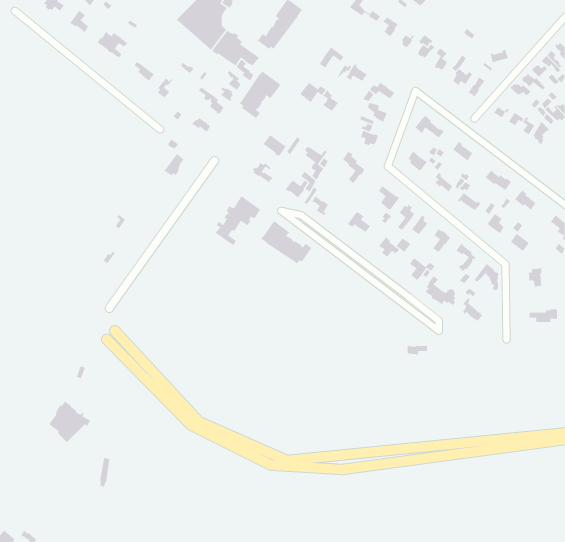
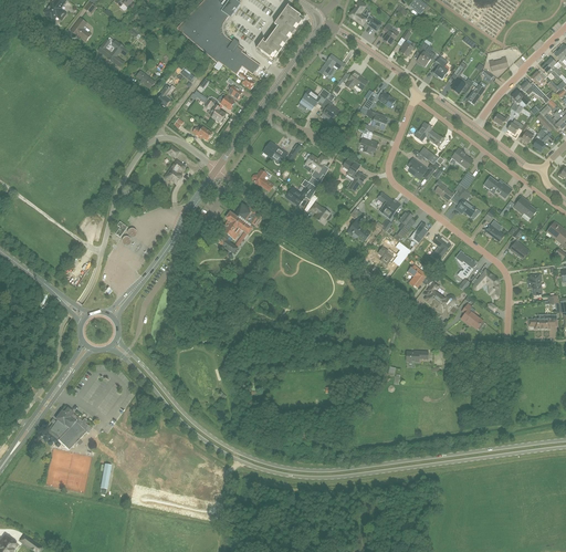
building: [239,70,281,119] -> none
building: [260,220,312,265] -> none

